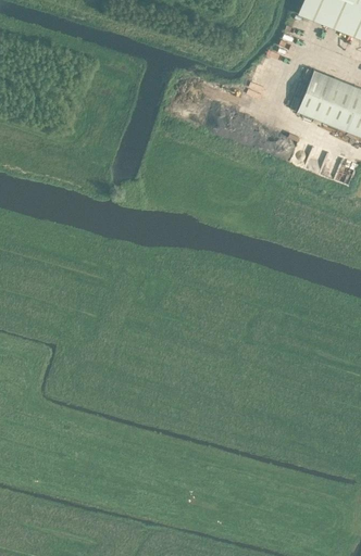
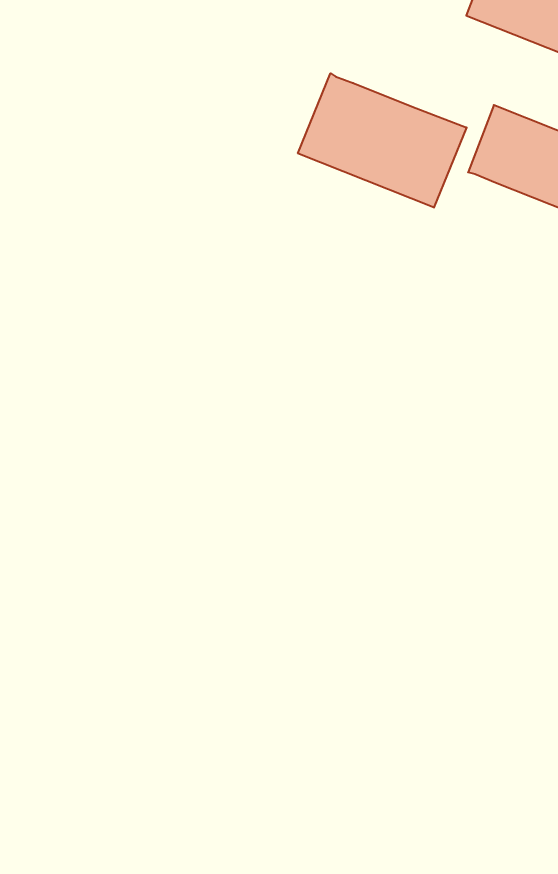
building: none -> [298,73,467,208]

